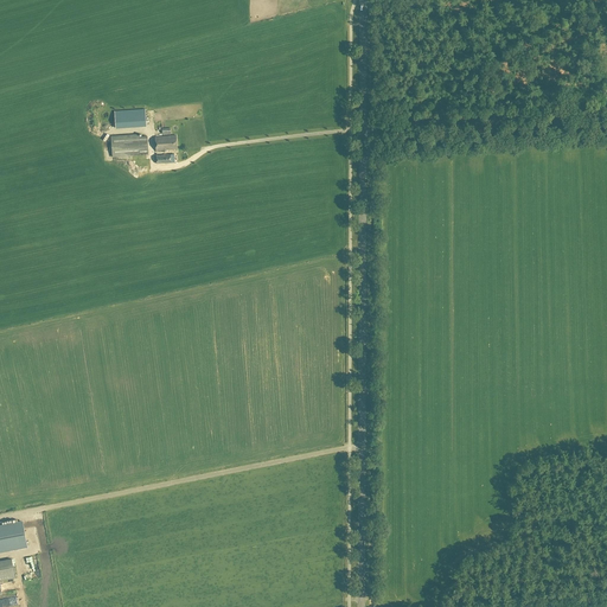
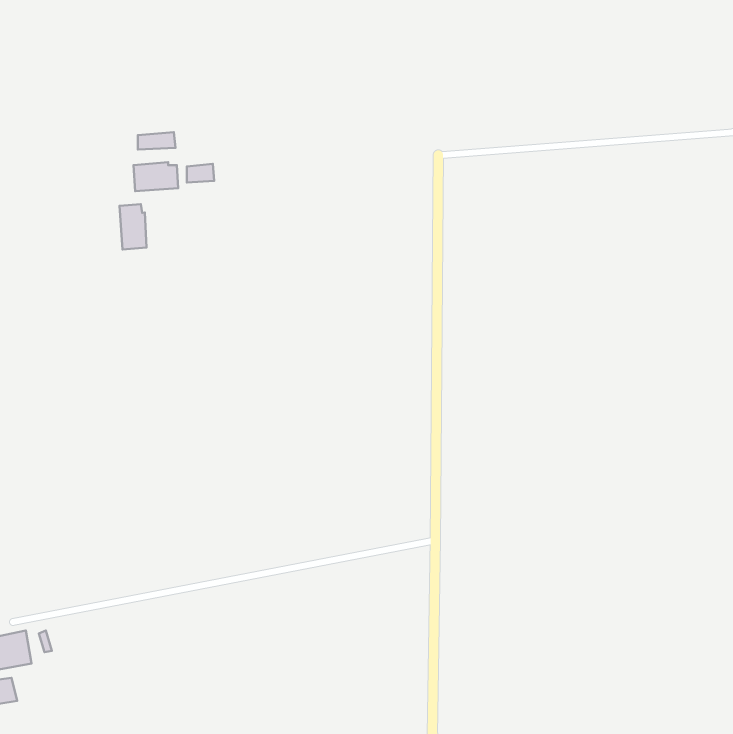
building: none -> [120,204,146,249]

